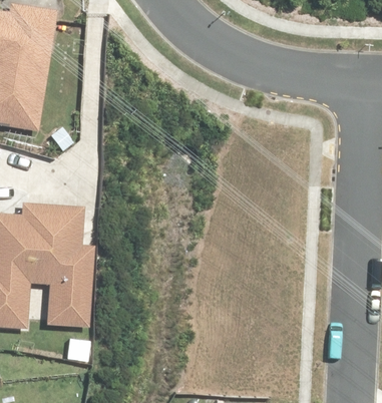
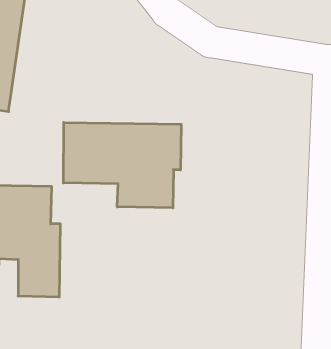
building: none -> [63,122,181,208]

